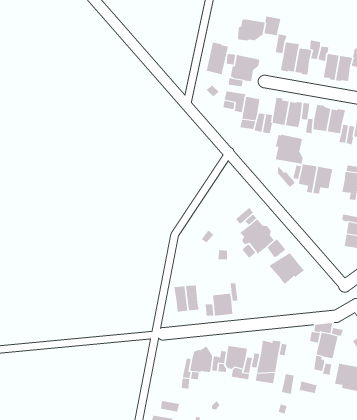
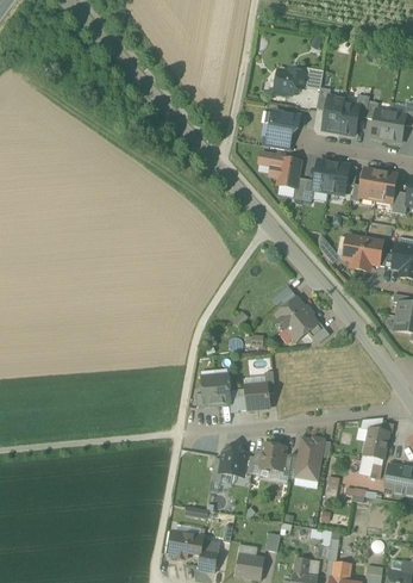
building: [206,42,228,75] -> none
building: [275,134,303,165] -> none
building: [268,252,304,285] -> none

